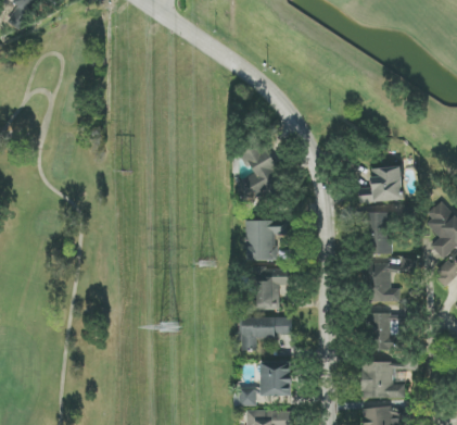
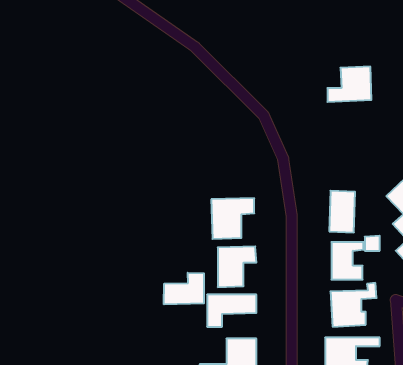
building: [236,142,283,202] -> none
building: [357,166,402,202] -> [327,67,371,102]
building: none -> [164,273,204,304]

